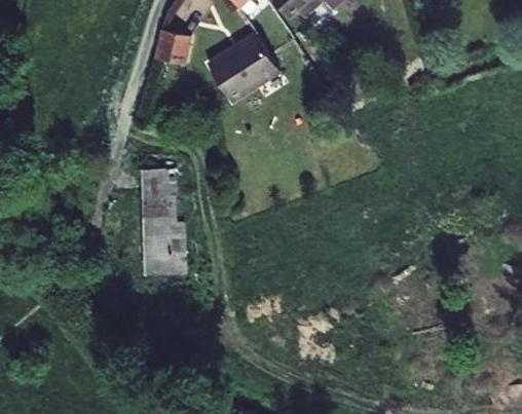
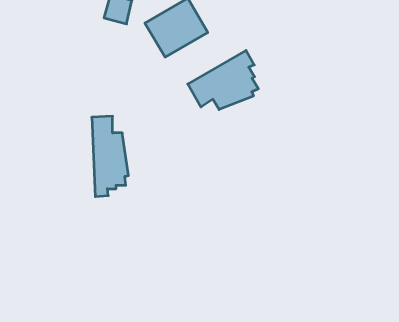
building: none -> [188,50,258,110]

